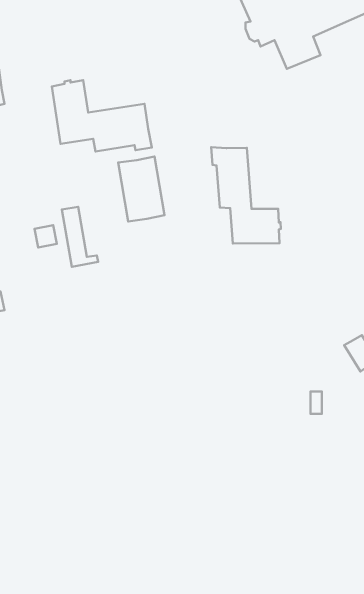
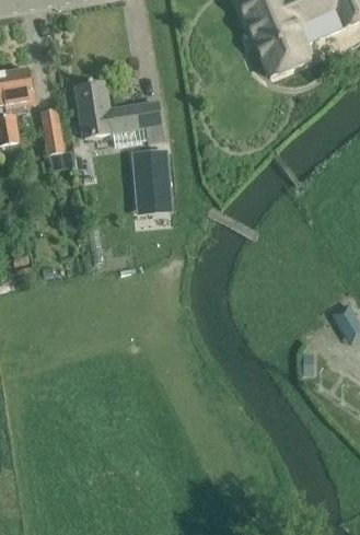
building: [211,147,281,243] -> none
building: [62,207,98,267] -> [39,108,71,161]

